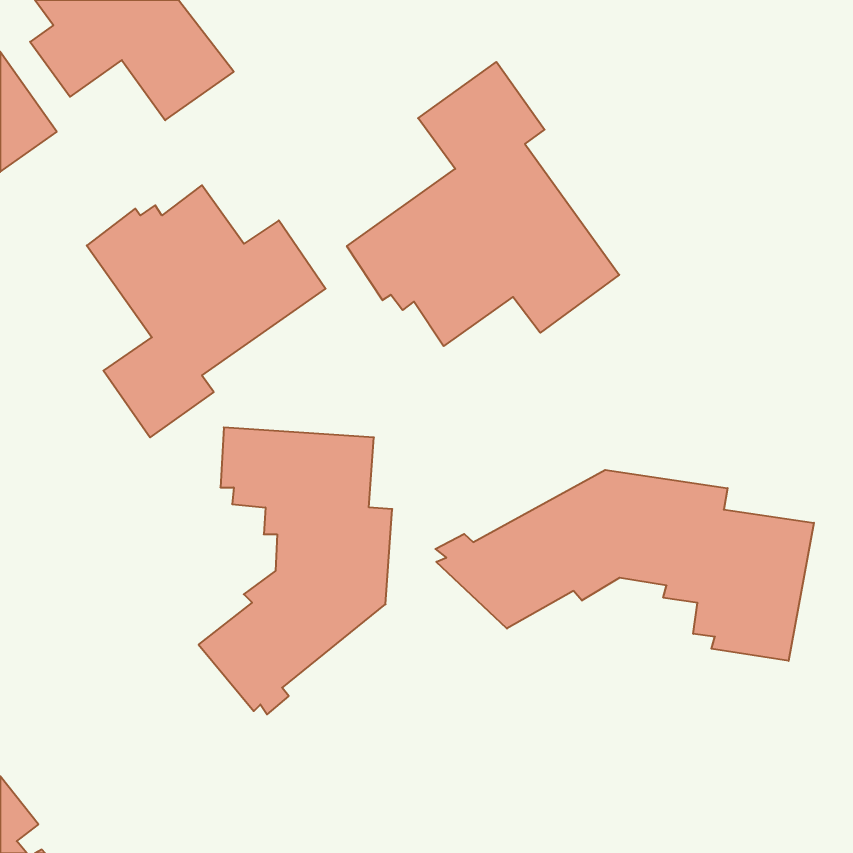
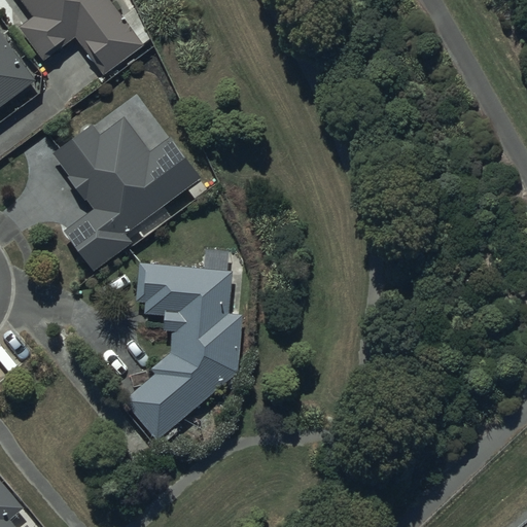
building: [347,62,619,346] -> none
building: [435,470,814,661] -> none

